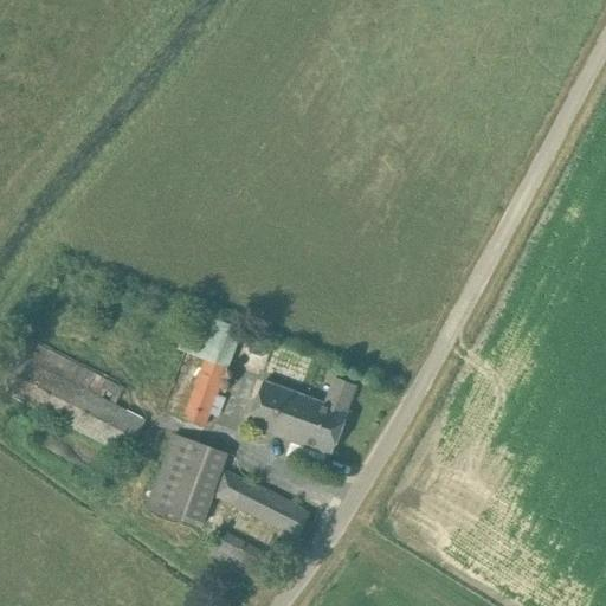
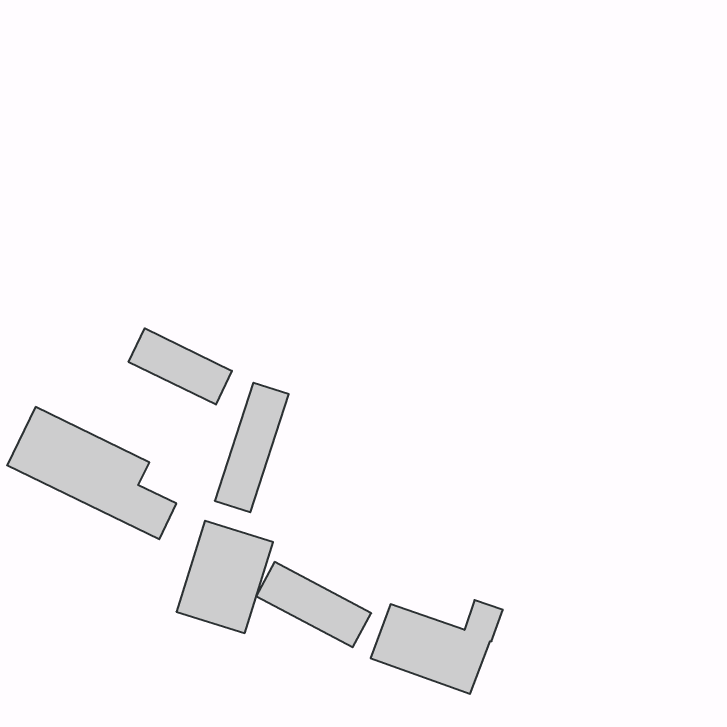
building: none -> [129,328,232,405]
building: [247,378,357,456] -> [371,600,503,694]

